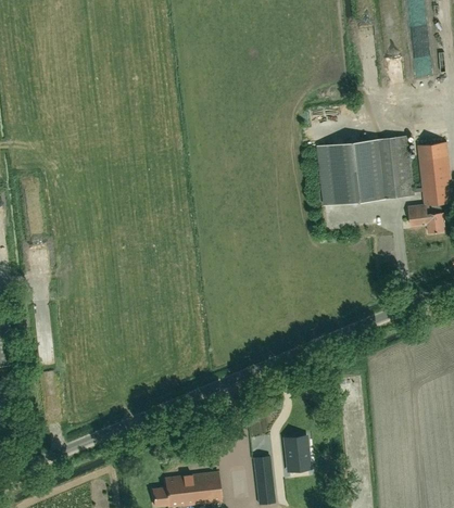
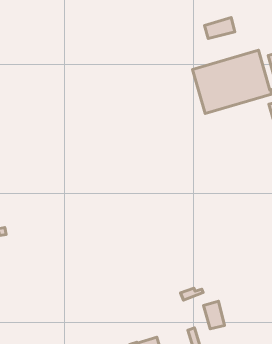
building: none -> [204,18,235,39]

